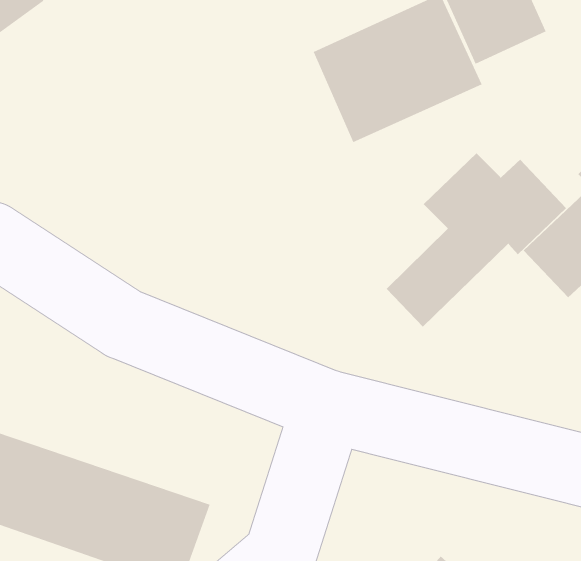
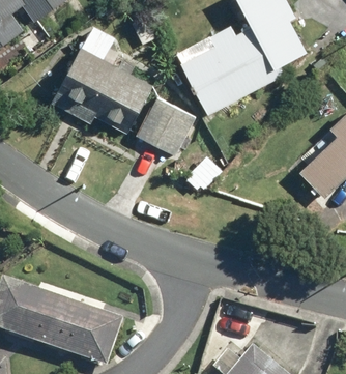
building: none -> [49,46,193,156]
building: [386,152,567,327] -> none

